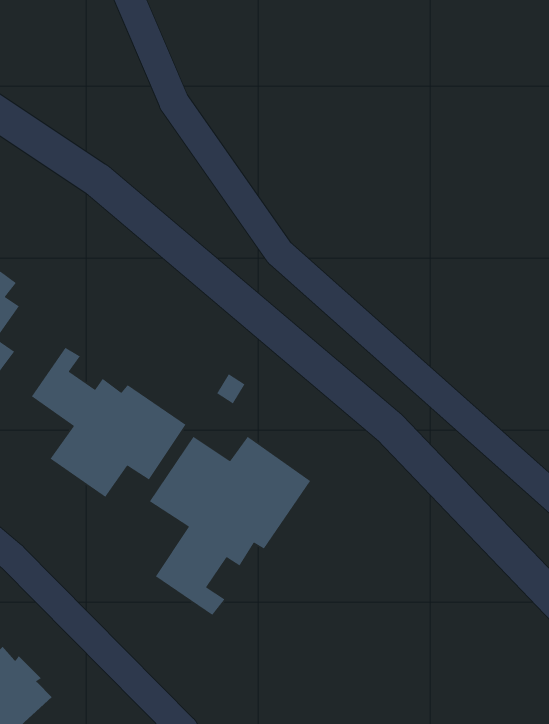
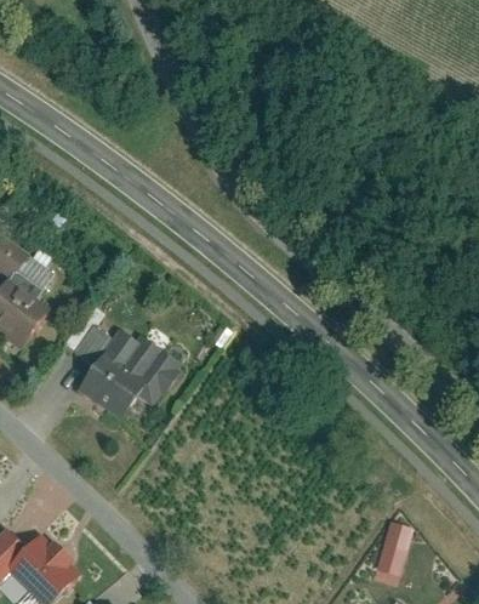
building: [149,436,311,616] -> none
building: none -> [376,522,411,574]

